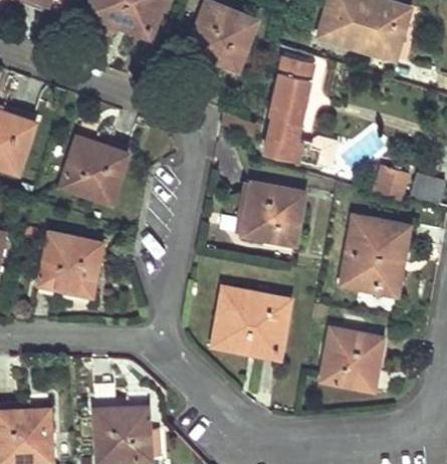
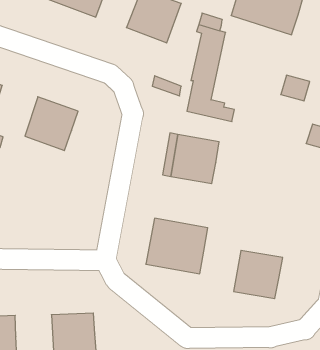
building: [374,167,410,199] -> [281,75,310,101]
building: [341,215,409,294] -> none
building: [39,233,101,293] -> none

